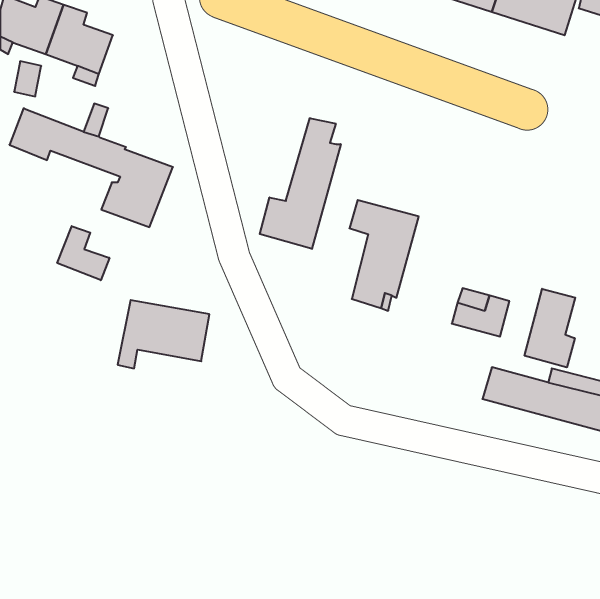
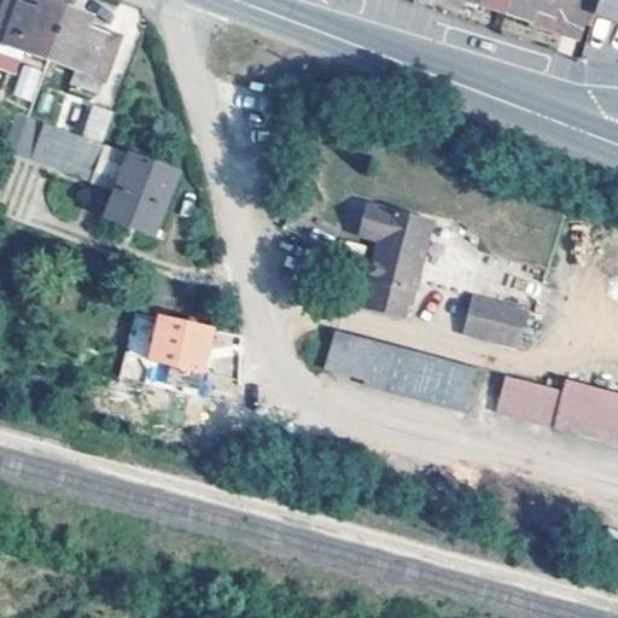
building: [260,118,341,249] -> none
building: [57,226,109,280] -> none
building: [525,289,575,367] -> none
building: none -> [326,331,478,413]

